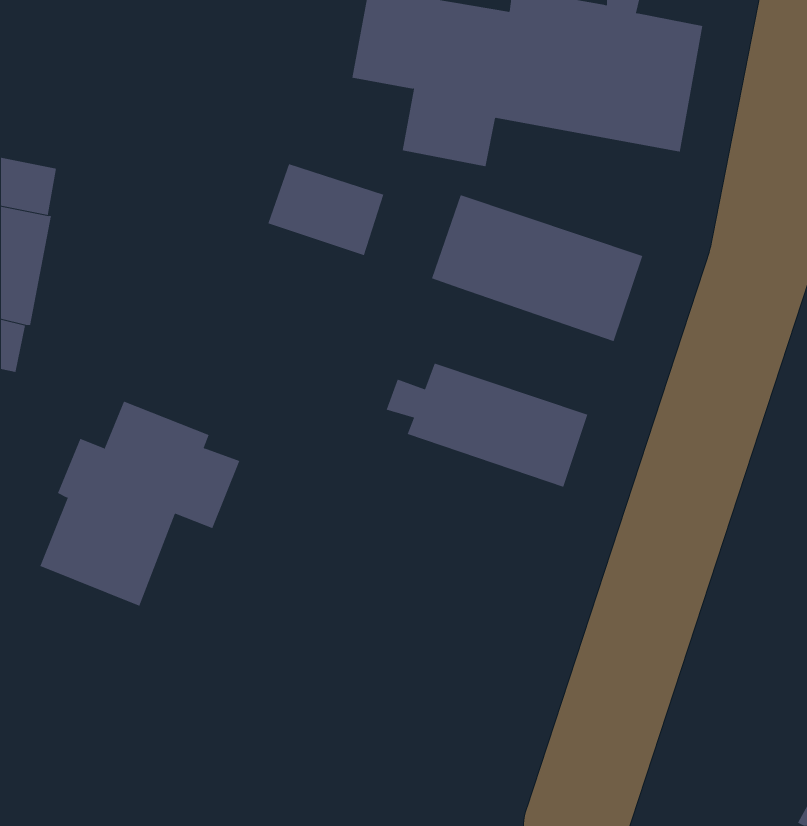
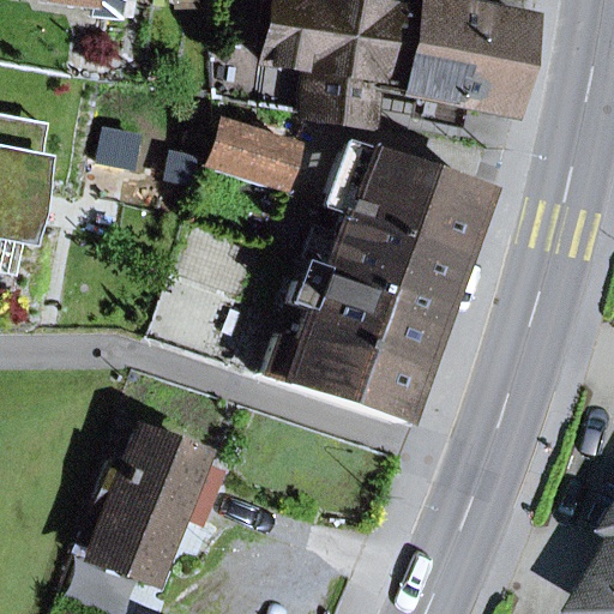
building: none -> [320,213,470,307]
building: [39,401,240,607] -> [86,429,235,582]
building: none -> [276,321,433,422]

